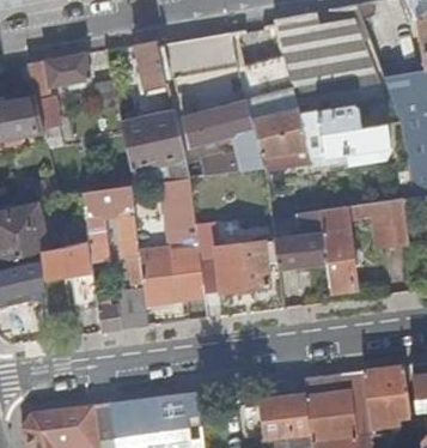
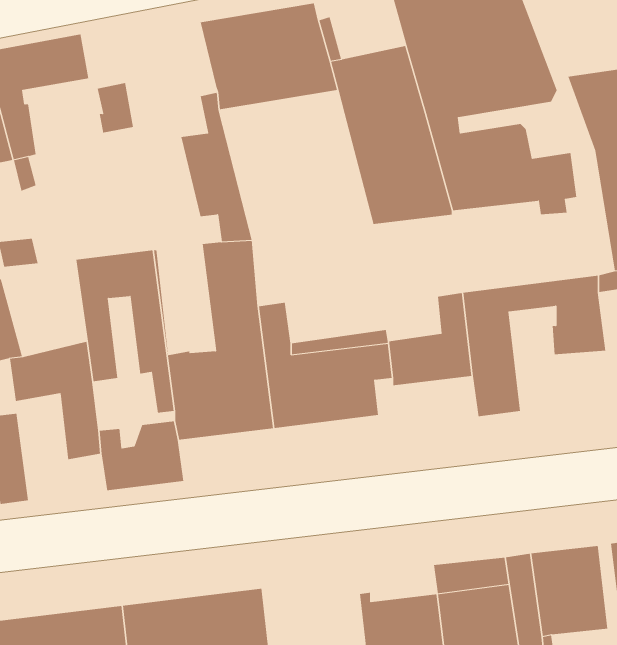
building: [135,40,169,90] -> none
building: [182,101,266,178] -> none
building: [122,115,159,184] -> none

